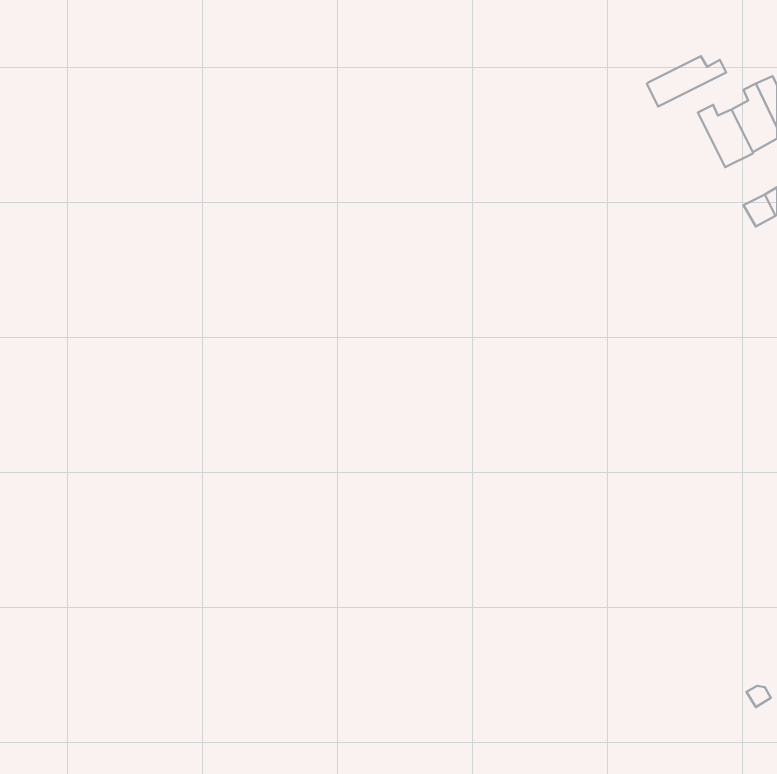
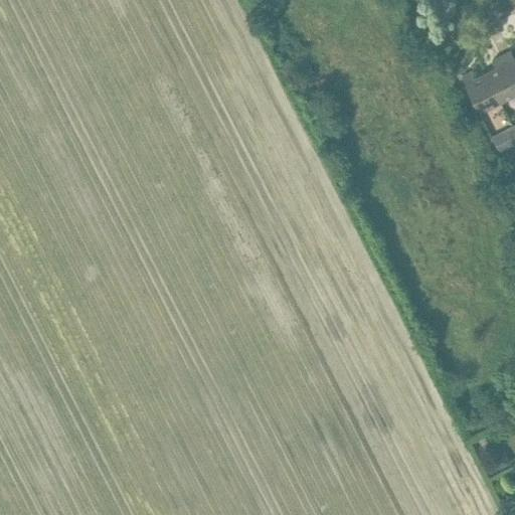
building: [647,56,726,107] -> none

